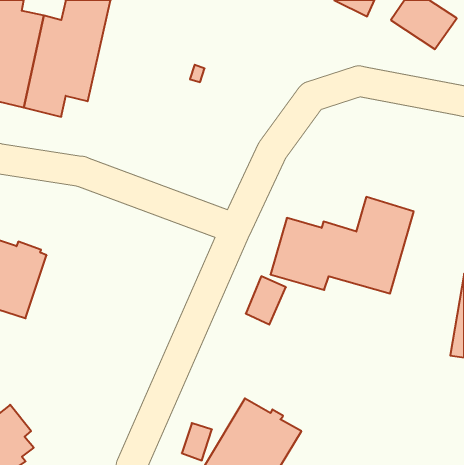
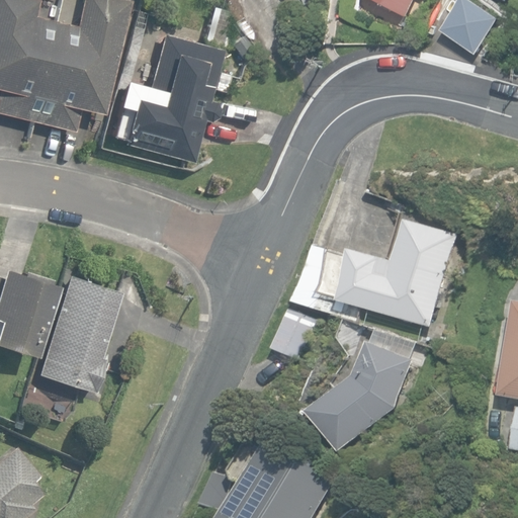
building: none -> [108,33,219,162]
building: none -> [33,274,116,390]
building: none -> [306,338,415,452]

